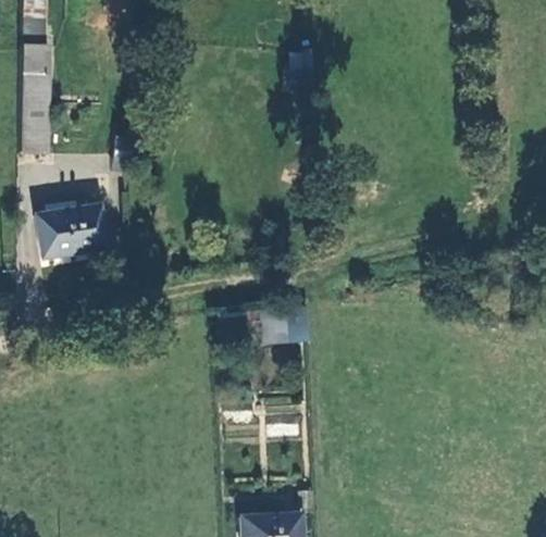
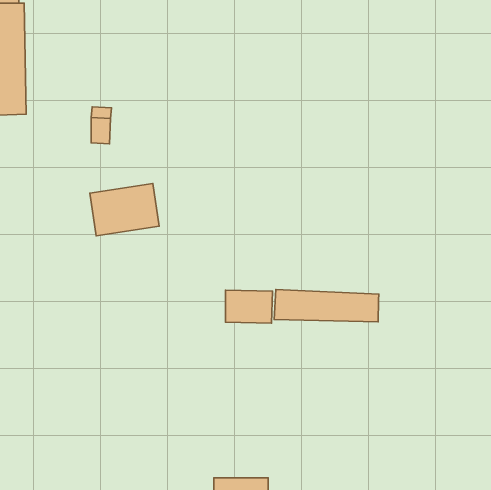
building: [34,204,104,258] -> [90,184,159,236]
building: none -> [274,290,379,322]

